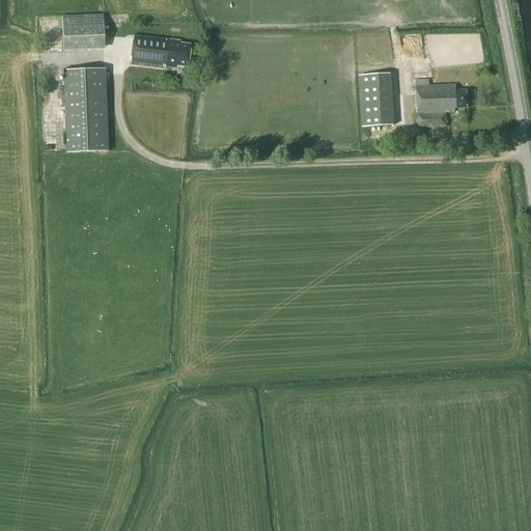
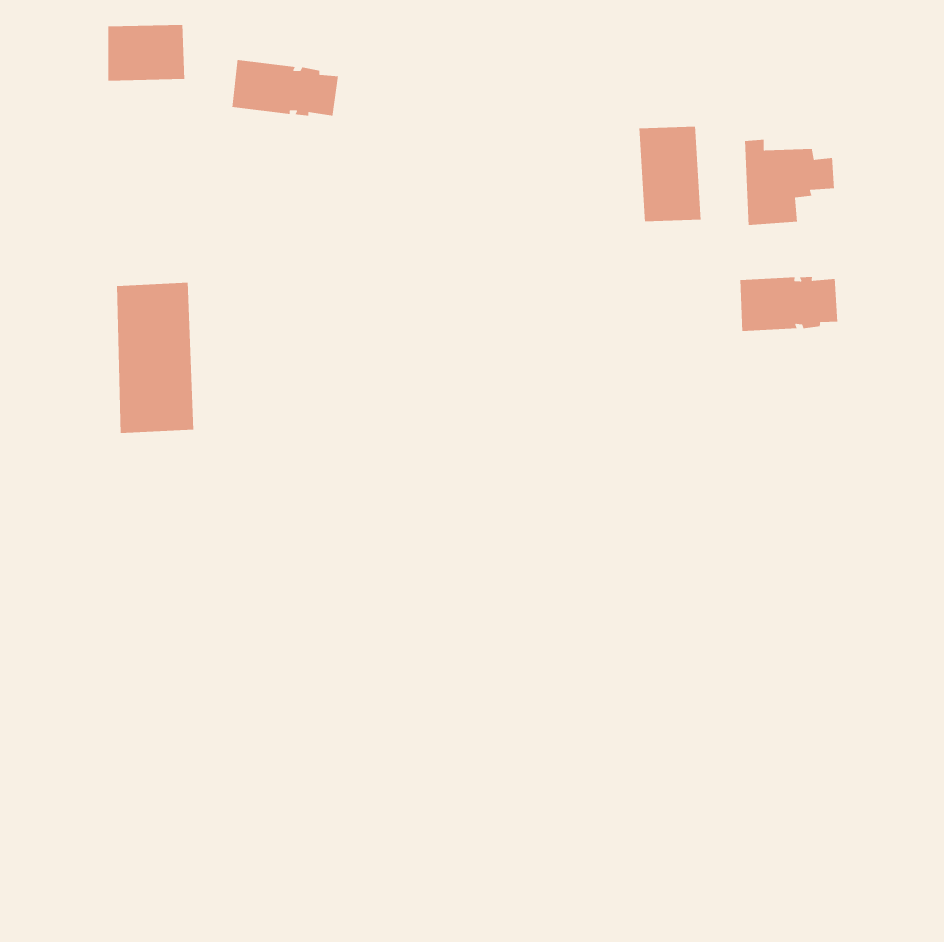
building: [65,66,109,151] -> [116,282,194,434]
building: none -> [739,276,838,332]

